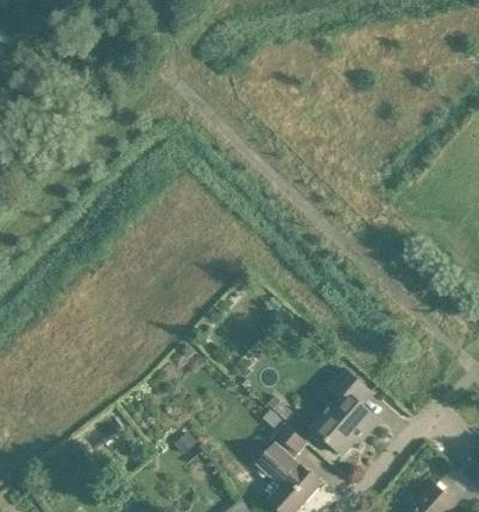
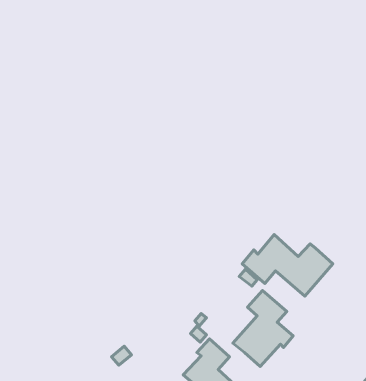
building: none -> [242,235,333,296]

